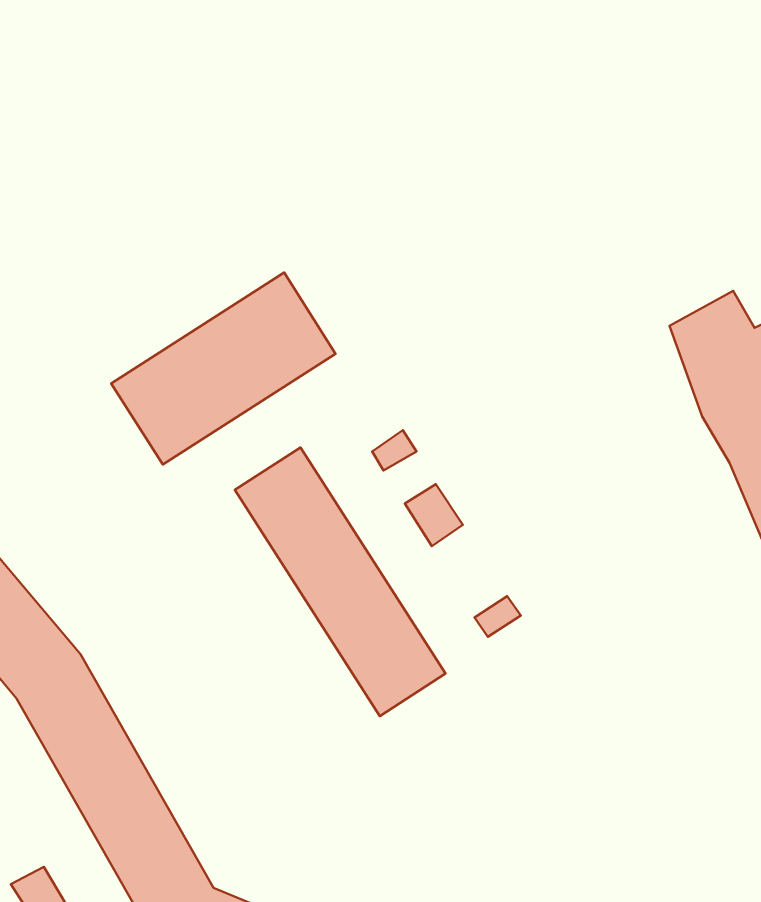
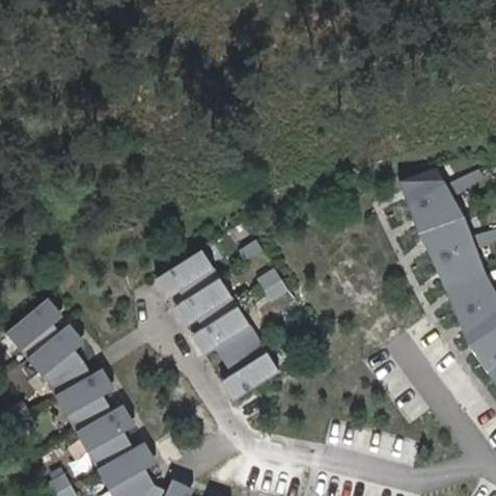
building: [111,273,336,464] -> none

